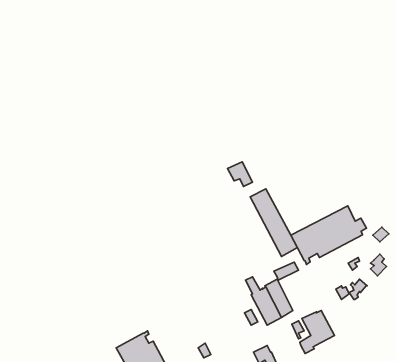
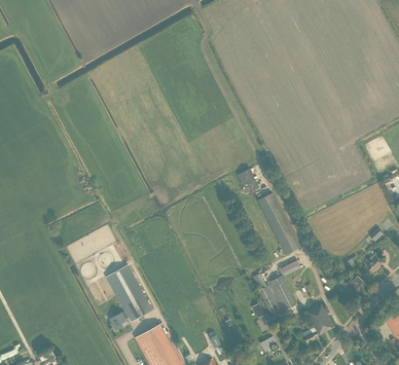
building: [291,206,367,264] -> none
building: none -> [104,263,151,329]

